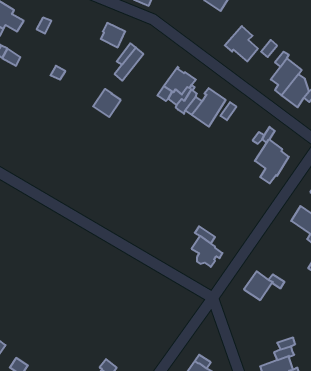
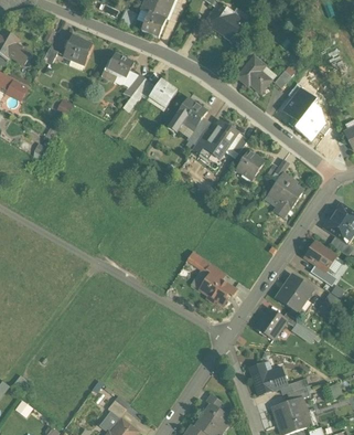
building: none -> [63,35,92,63]
building: [93,89,121,117] -> [148,79,176,108]
building: none -> [235,151,264,181]
building: none -> [277,275,313,312]
building: none -> [249,363,288,394]

